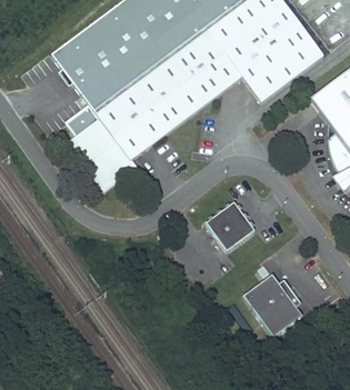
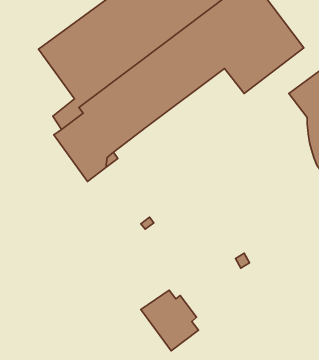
building: [206,200,254,249] -> none
building: [243,273,302,336] -> [141,290,199,351]

